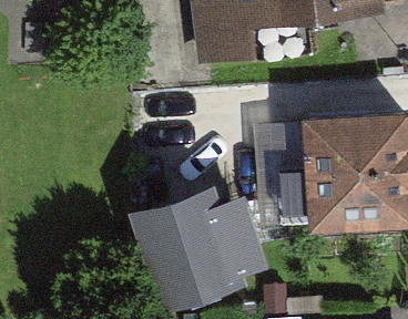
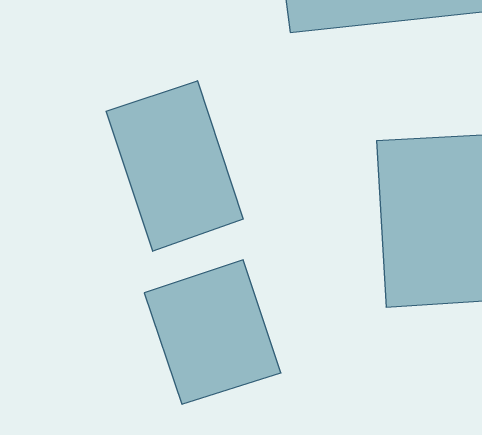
building: none -> [106,81,243,251]

